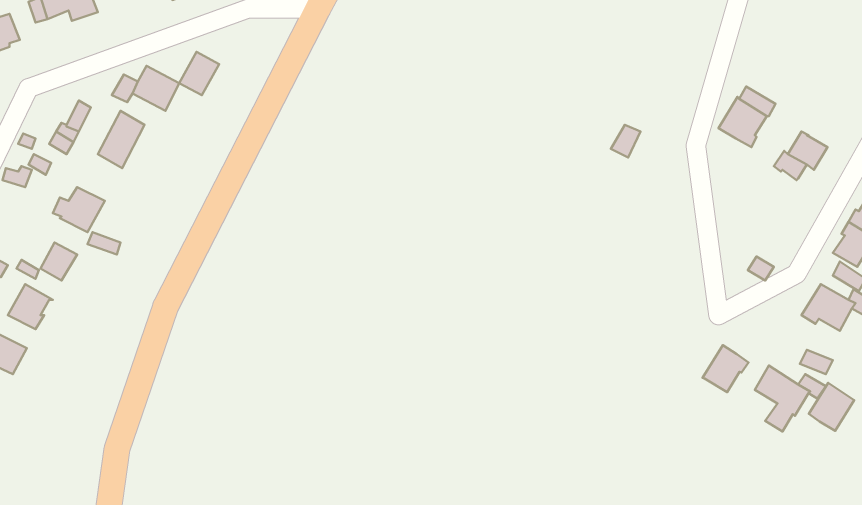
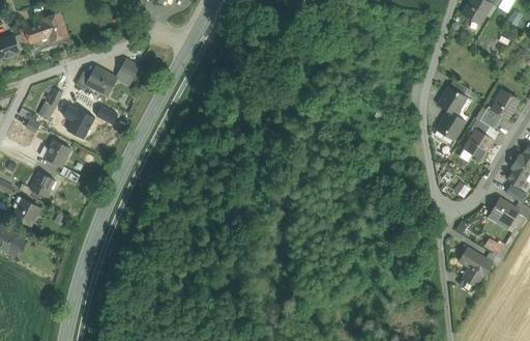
building: none -> [490,91,518,119]
building: none -> [438,111,464,140]
building: none -> [464,130,492,159]
building: [702,345,749,392] -> none
building: [809,383,854,431] -> none

